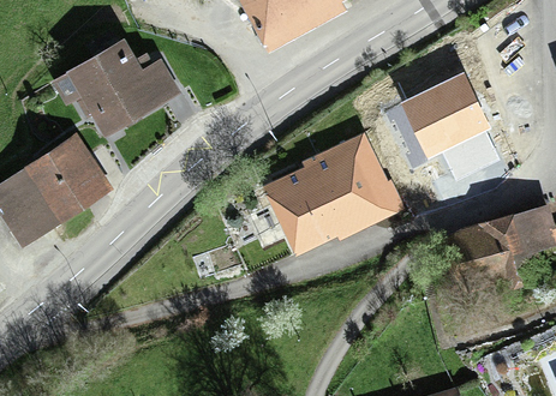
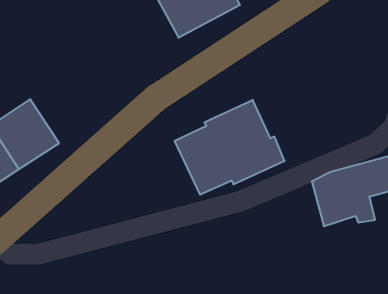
building: [50,35,181,136] -> none
building: [402,77,490,160] -> none

